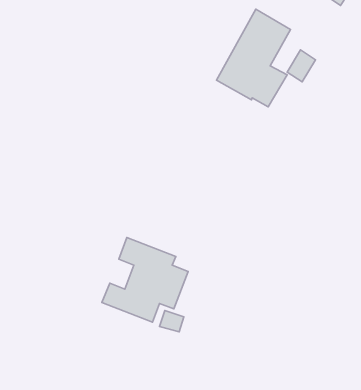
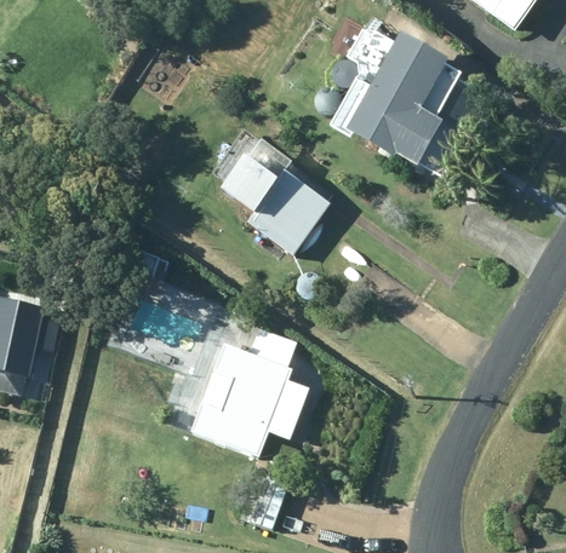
building: none -> [221,155,331,255]

